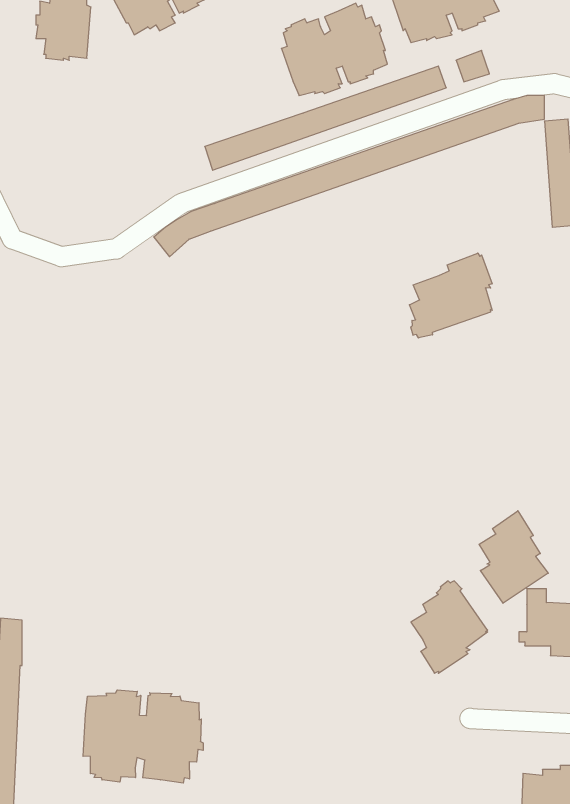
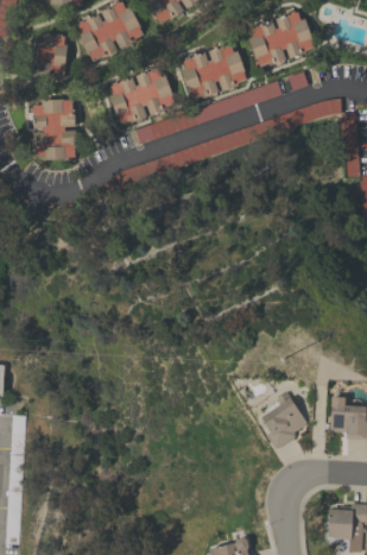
building: none -> [109,68,175,124]
building: none -> [30,99,77,160]
building: [409,253,492,338] -> none
building: [479,511,548,603] -> none
building: [83,690,203,783] -> none

